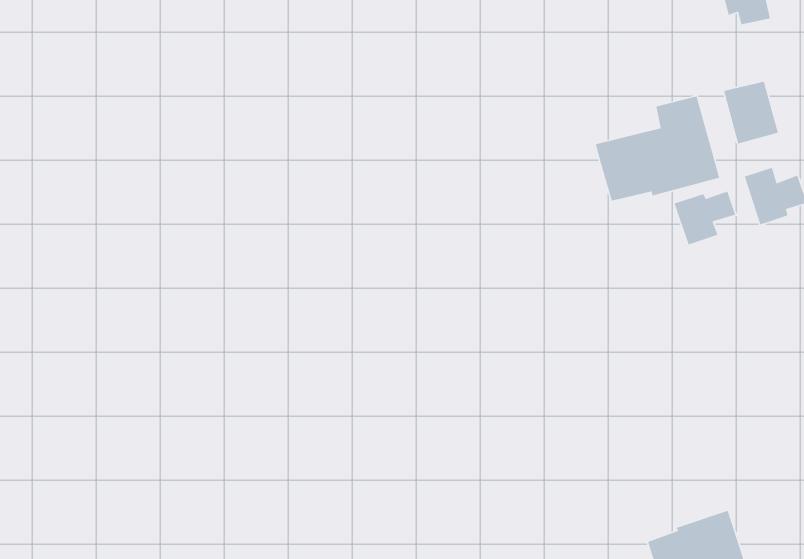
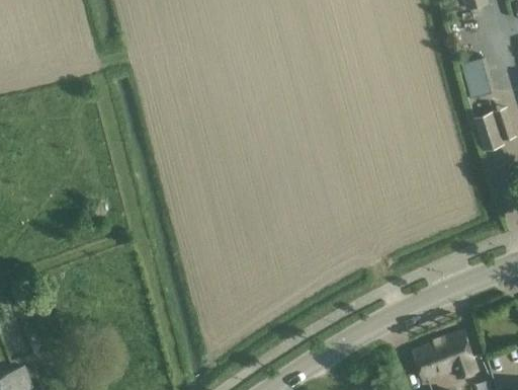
building: [595,96,720,202] -> none
building: [673,191,736,245] -> none

